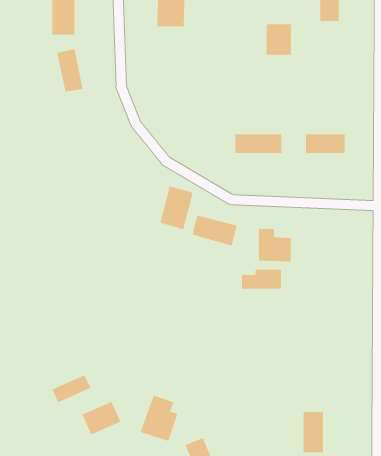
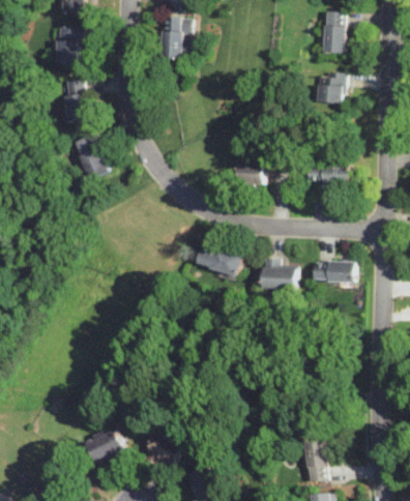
building: [266,24,292,55] -> [318,72,344,104]
building: none -> [74,135,108,179]
building: [160,185,193,230] -> none
building: [241,269,282,289] -> [315,261,355,281]
building: [52,375,91,403] -> none

